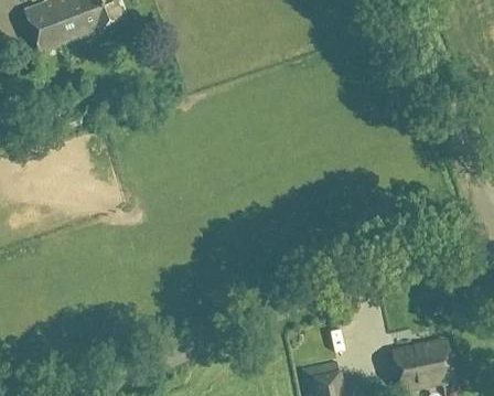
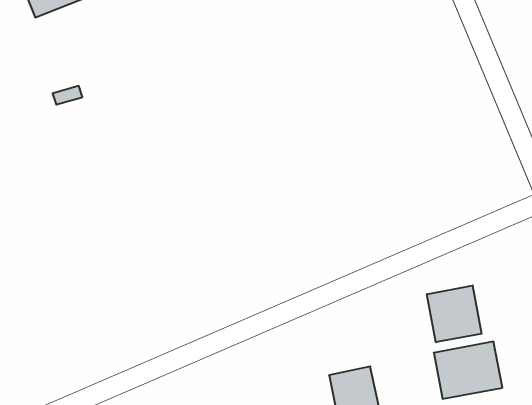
building: none -> [427,285,482,342]

